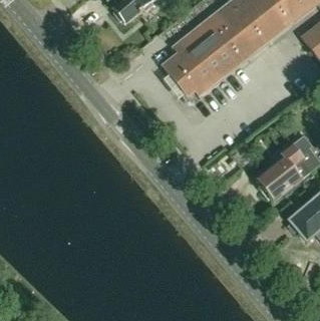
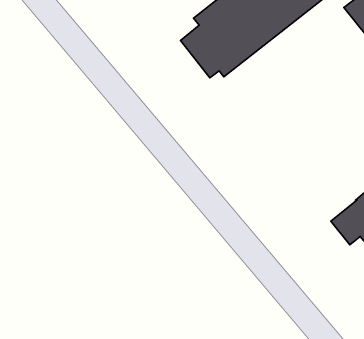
building: [257,132,312,199] -> none

